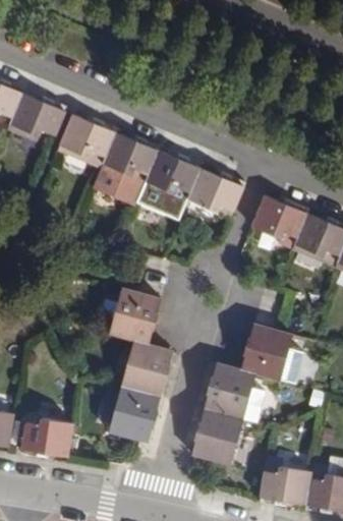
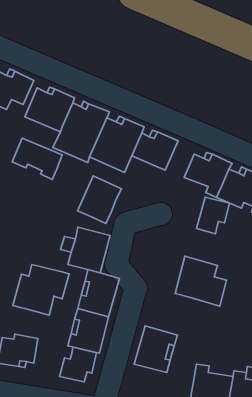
building: none -> [12,138,62,179]
building: none -> [78,176,121,224]
building: none -> [196,197,230,234]
building: none -> [13,264,69,315]
building: [204,362,265,423] -> none
building: none -> [60,347,97,382]

